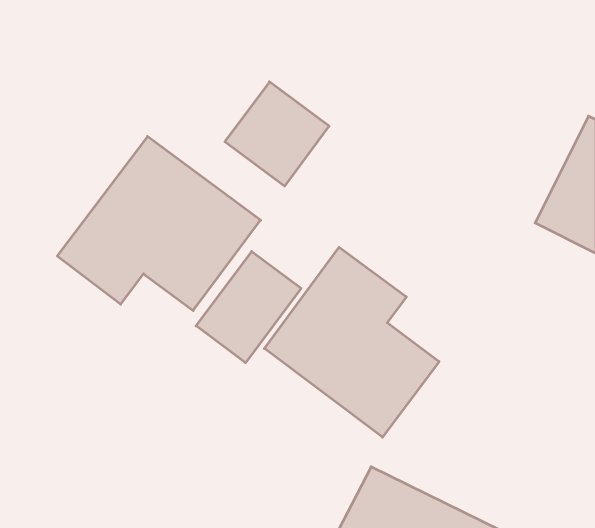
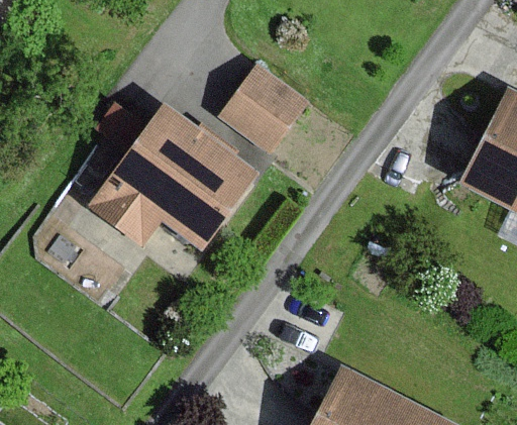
building: [264,247,439,437] -> none
building: [196,251,301,363] -> none

